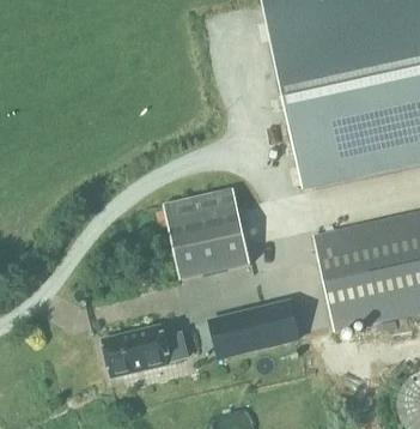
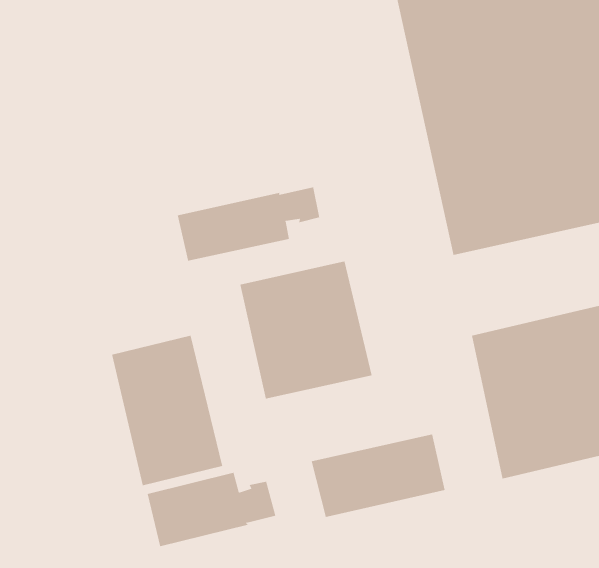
building: none -> [177,187,320,262]
building: none -> [111,335,223,486]

